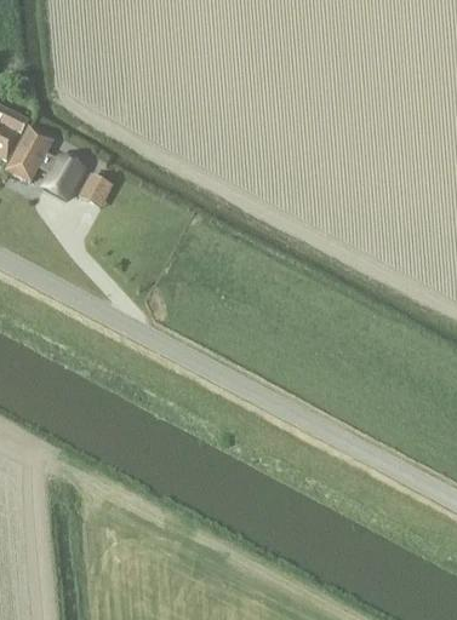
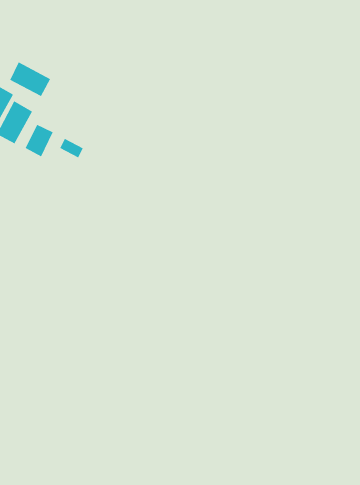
building: none -> [9,62,51,97]

